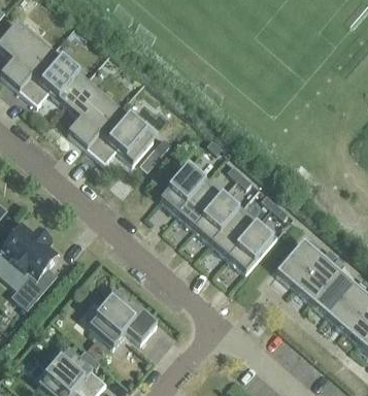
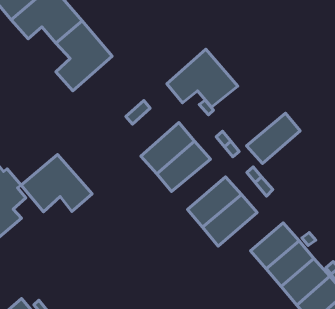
building: [87,110,154,164] -> [167,49,238,107]
building: [194,193,242,243] -> [246,113,300,164]
building: [89,292,157,348] -> [21,154,92,212]

